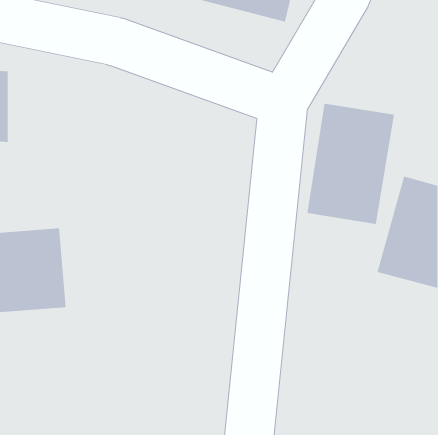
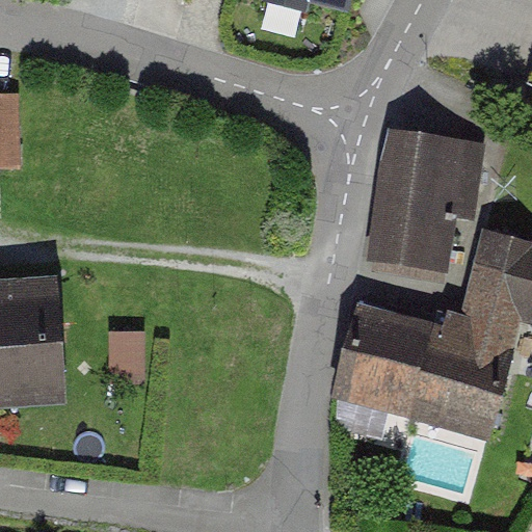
building: none -> [336,309,509,446]

